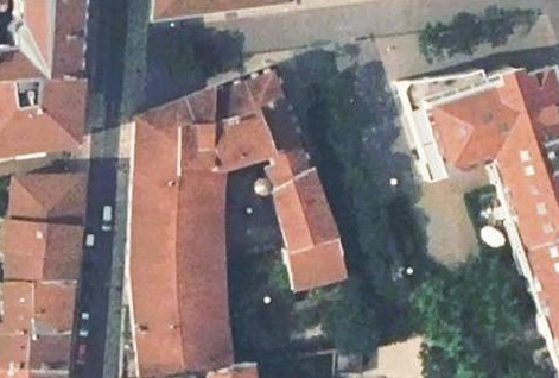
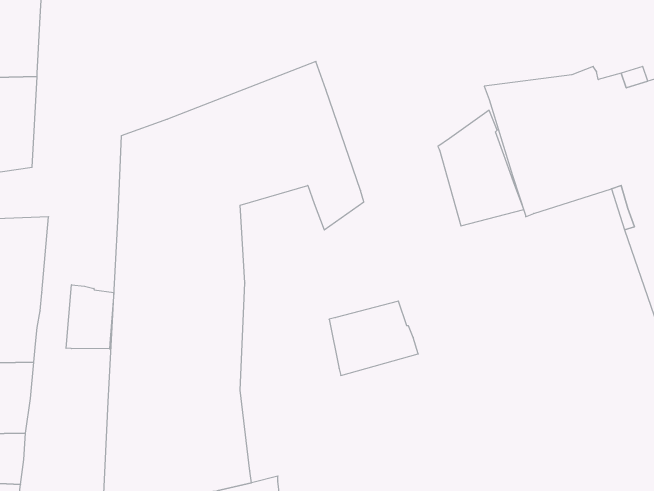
building: [275,164,337,247] -> [438,110,524,226]
building: none -> [66,285,114,349]

